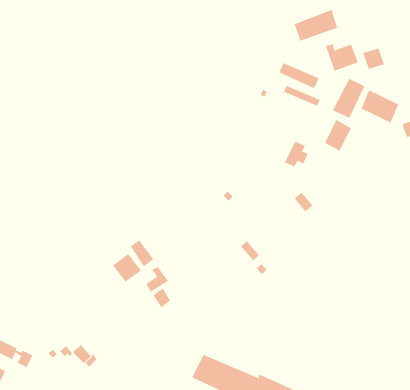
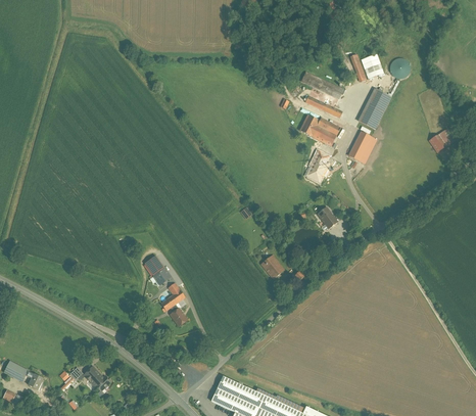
building: [294,9,338,42] -> none
building: [361,90,399,123] -> none
building: none -> [299,114,340,148]
building: [112,253,142,283] -> none

